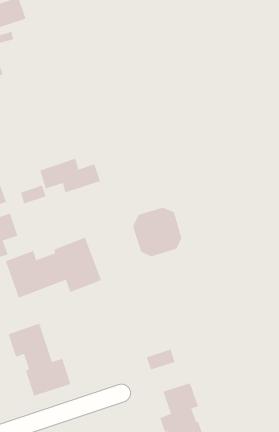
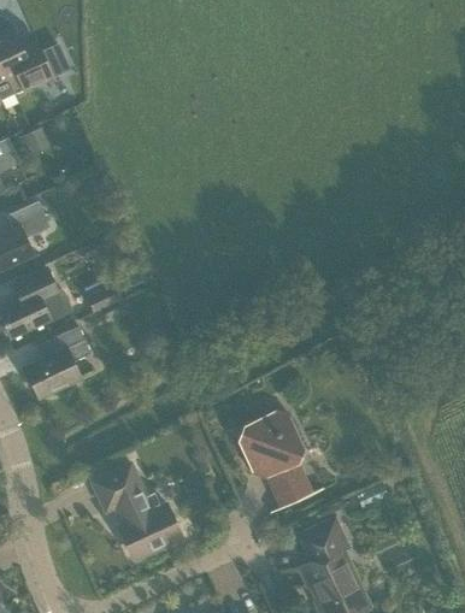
building: [39,158,101,193] -> none
building: [132,207,182,257] -> [237,411,304,477]
building: [5,237,102,299] -> none

